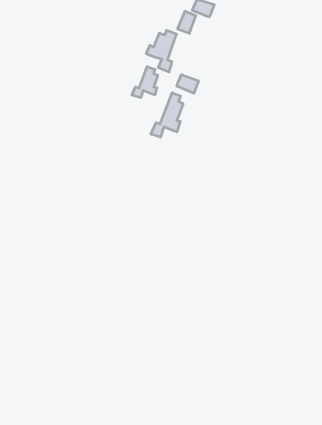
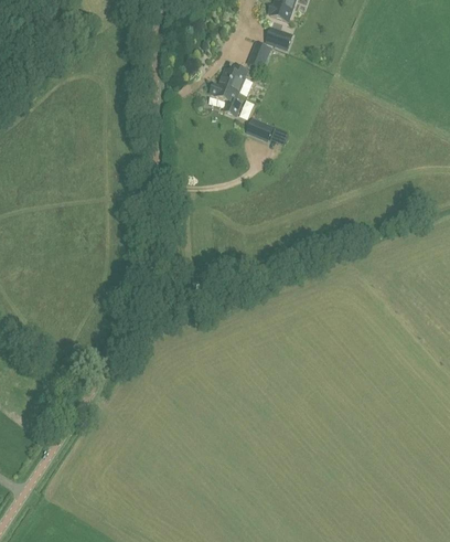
building: [132,67,158,98] -> none
building: [151,93,183,137] -> none

